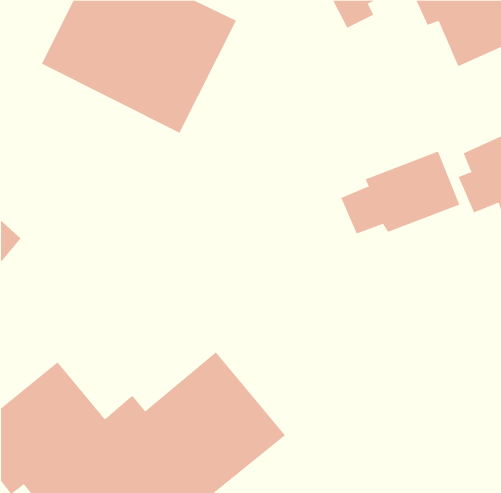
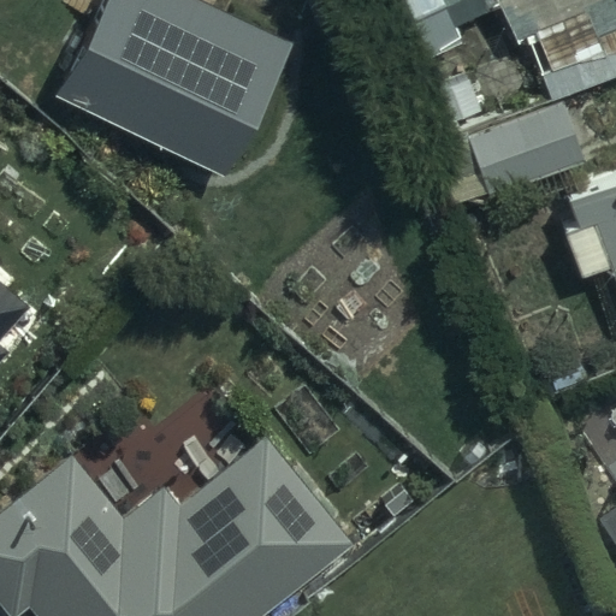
building: [340,151,460,234] -> [438,99,585,201]

